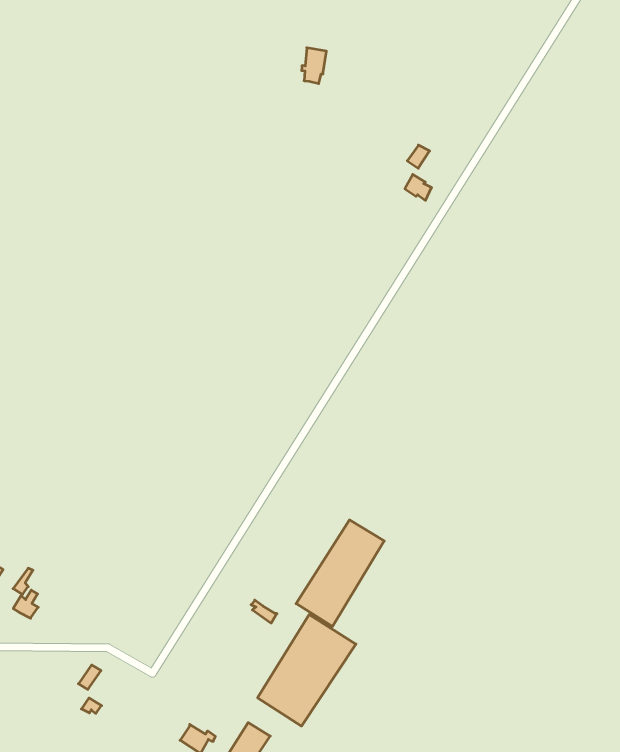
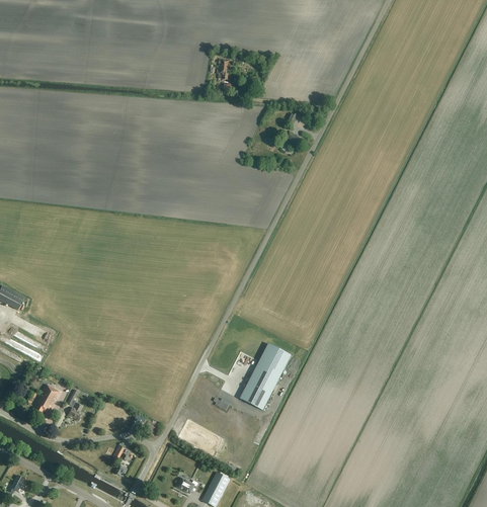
building: [258,615,356,726] -> none

